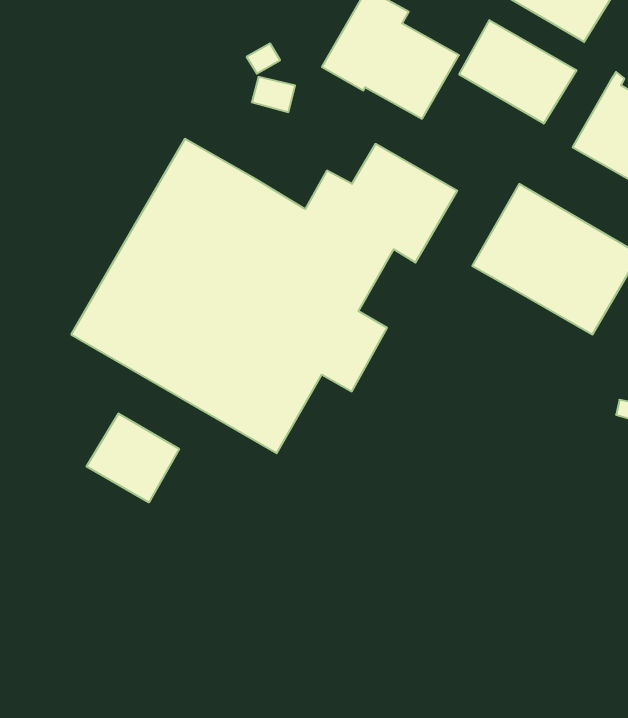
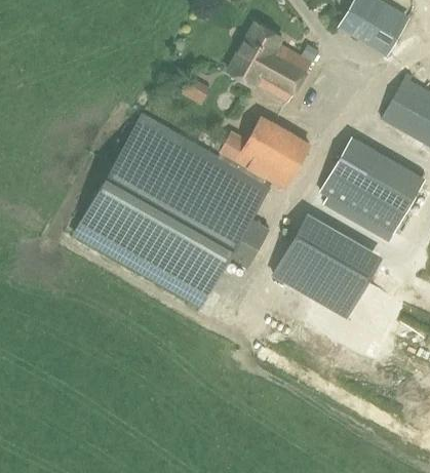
building: [459,20,576,124] -> none
building: none -> [277,219,377,308]
building: [87,413,179,502] -> none

